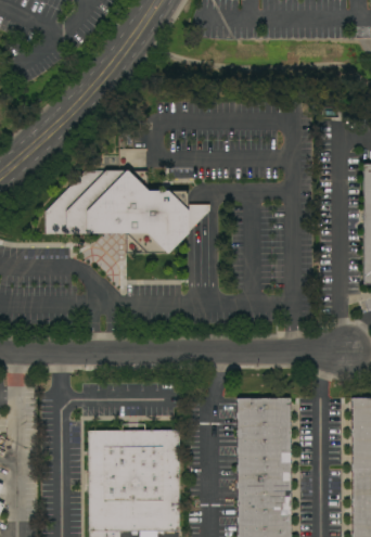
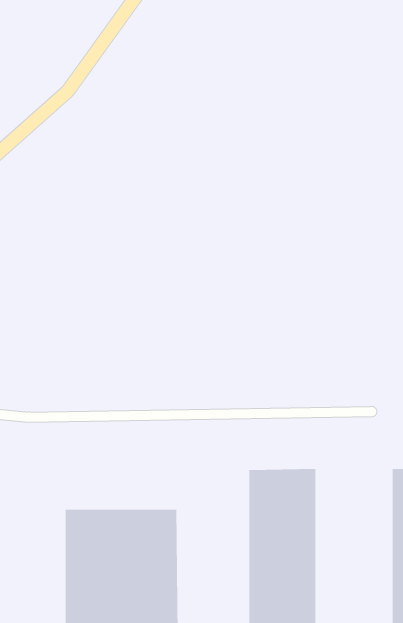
building: [48,170,212,253] -> none

